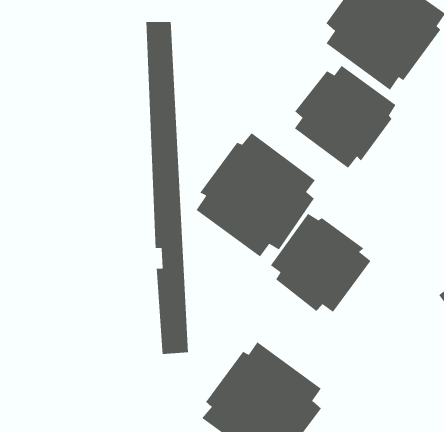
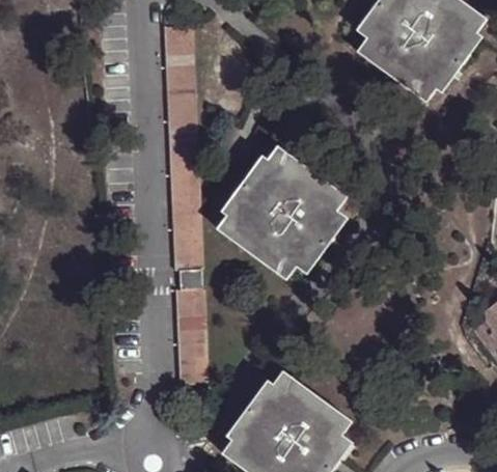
building: [294,65,397,169] -> none
building: [270,213,371,313] -> none

